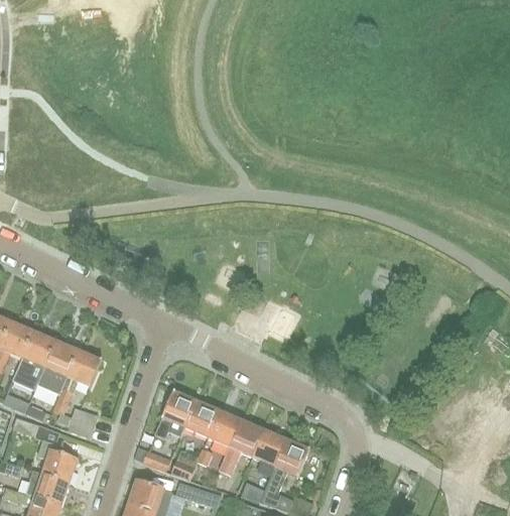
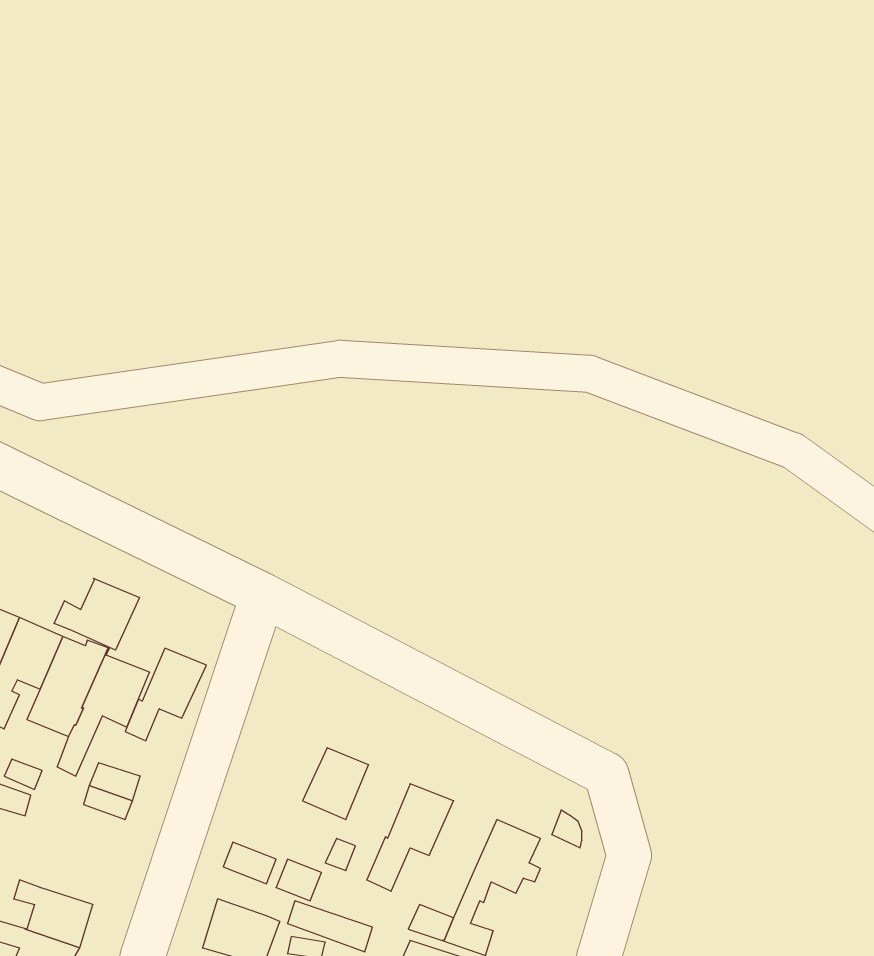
building: none -> [54,578,139,650]
building: [152,390,196,439] -> [125,648,206,741]
building: [206,408,240,447] -> none
building: [250,427,286,467] -> none
building: [35,439,79,483] -> none

